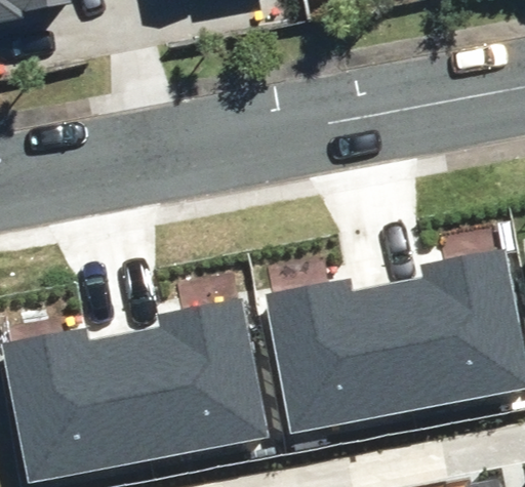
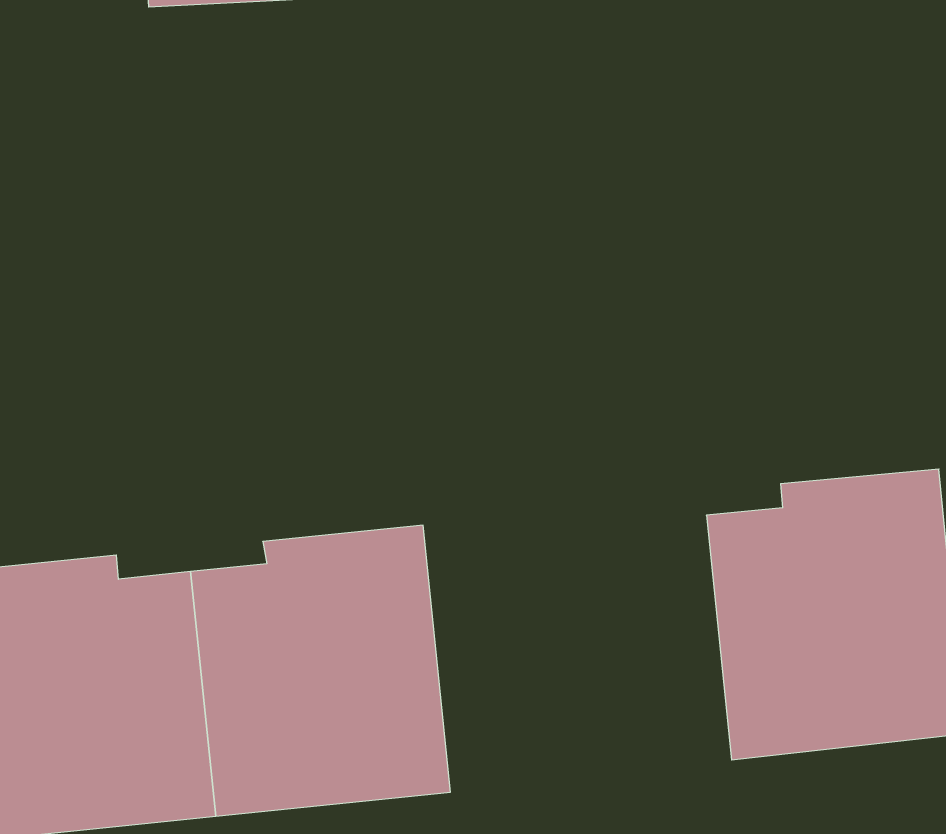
building: [266,277,410,431] -> none

